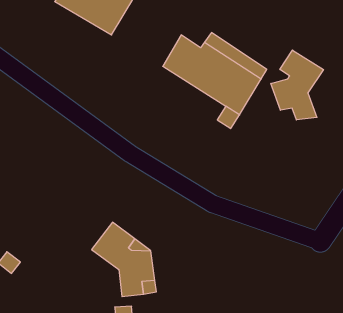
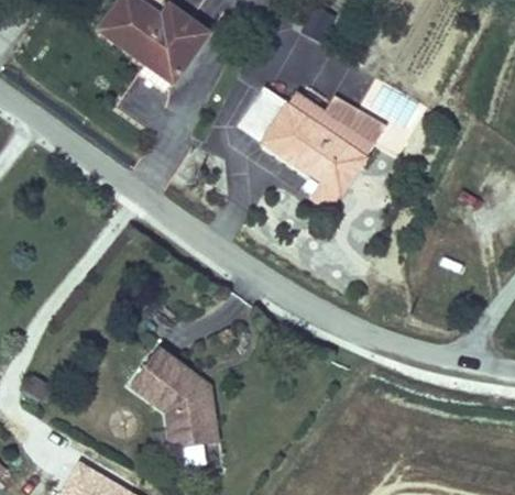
building: [271,50,323,120] -> none

